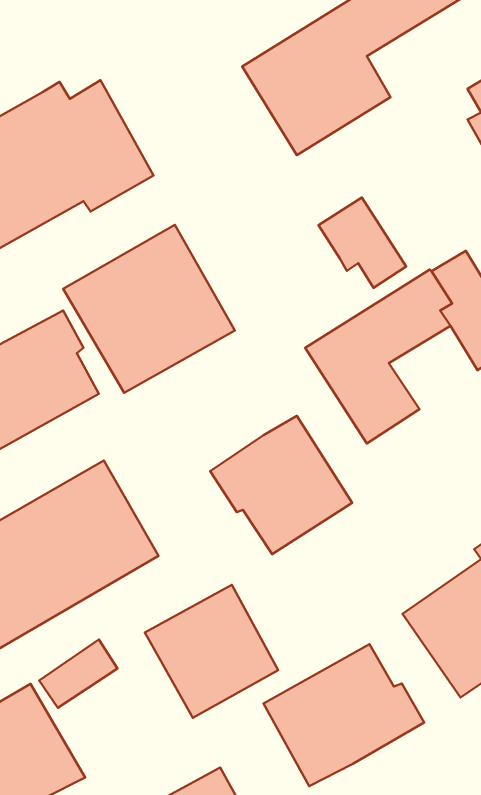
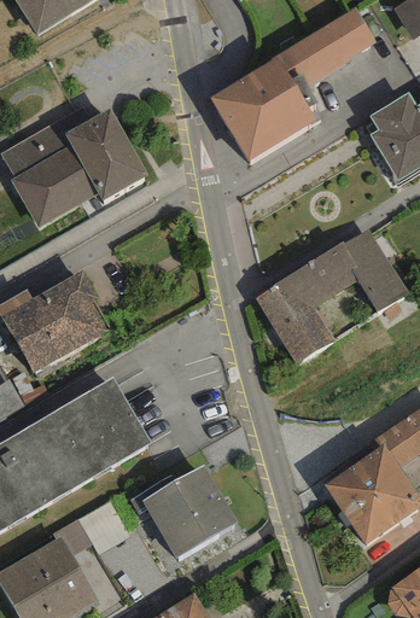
building: [319,198,406,288] -> none
building: [63,225,235,393] -> none
building: [210,416,352,554] -> none
building: [263,644,424,786] -> none

